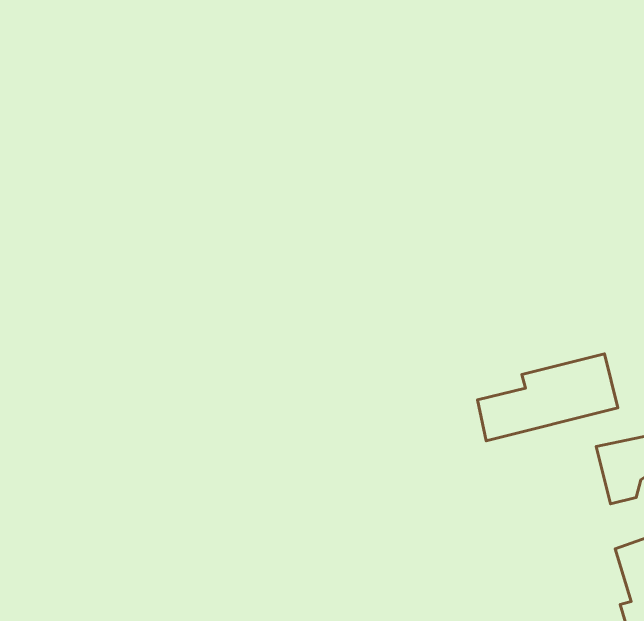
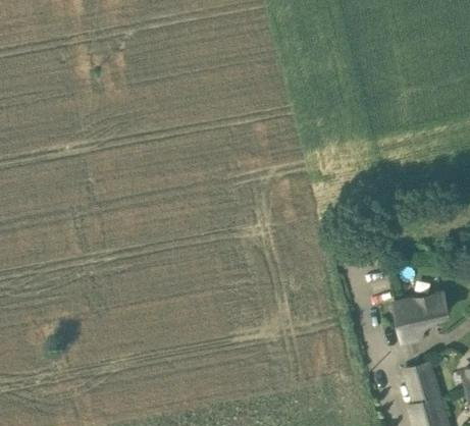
building: [477,354,618,441] -> none

